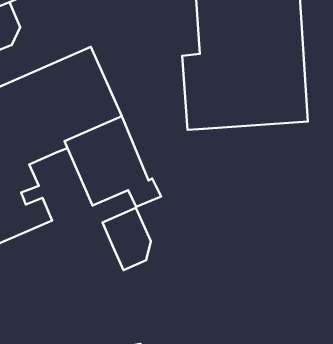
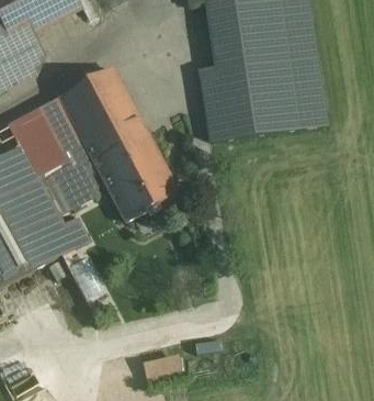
building: none -> [63,172,97,207]
building: [102,208,151,270] -> none

